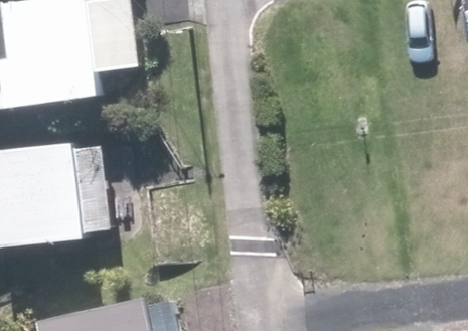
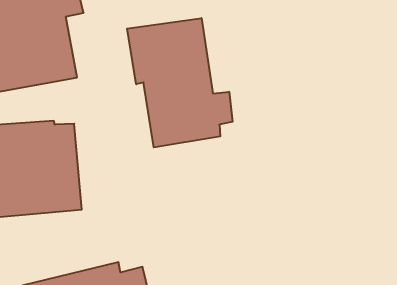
building: none -> [127,18,233,147]

